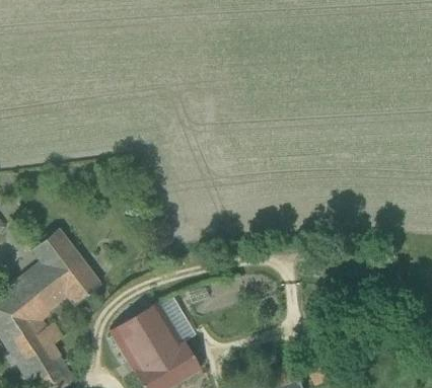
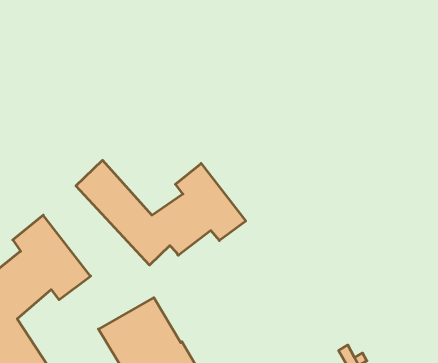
building: none -> [76,160,246,265]

